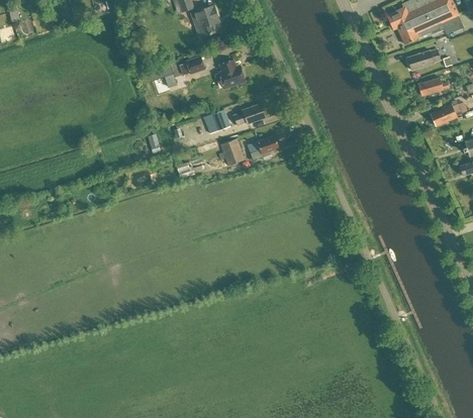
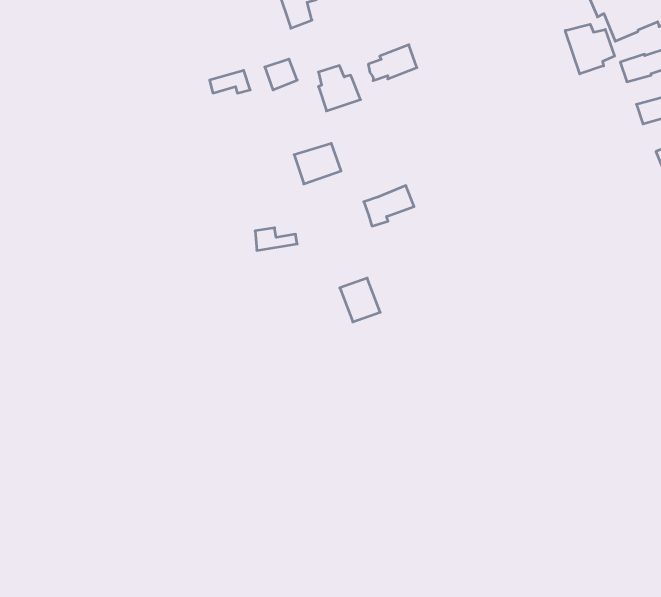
building: none -> [565,24,615,74]
building: [234,103,265,125] -> [368,45,417,81]
building: [220,138,246,166] -> [340,278,380,322]

